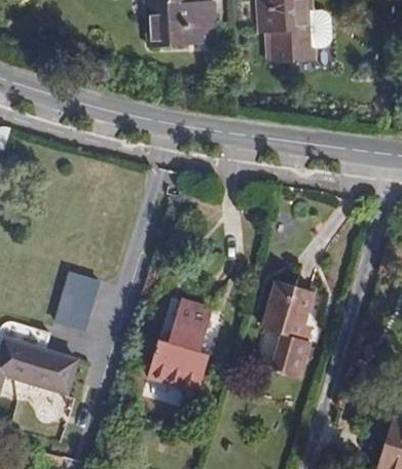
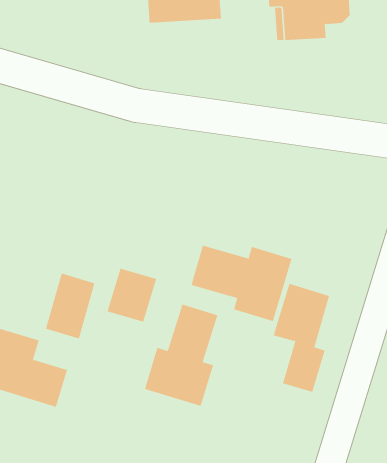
building: none -> [191,245,292,322]
building: none -> [107,268,157,322]

